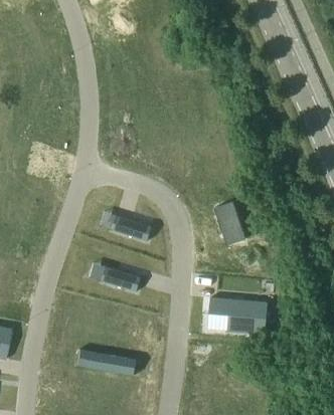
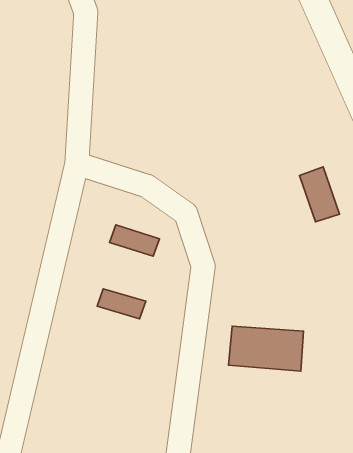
building: [213,201,245,245] -> [299,167,339,222]
building: [76,348,136,376] -> none

